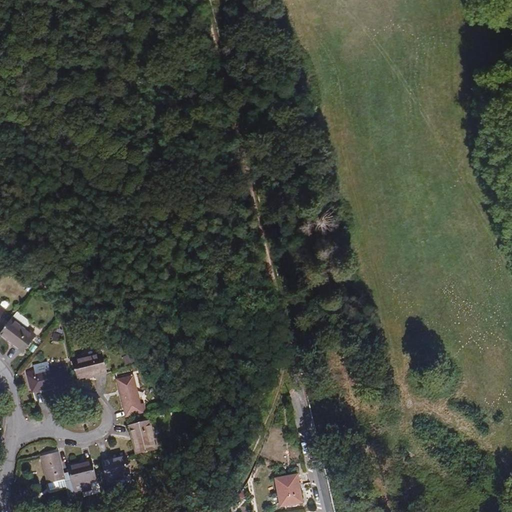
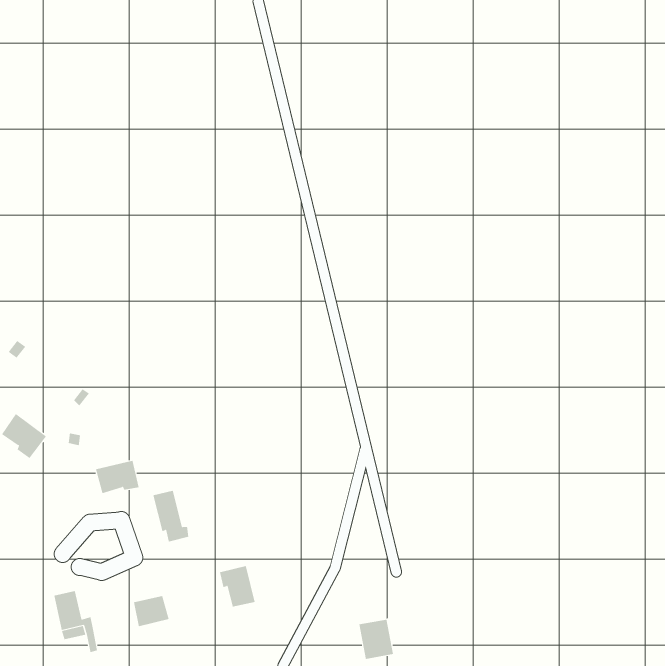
building: [27,367,69,390] -> none
building: [128,421,156,453] -> [219,566,256,607]
building: [68,458,95,483] -> none

